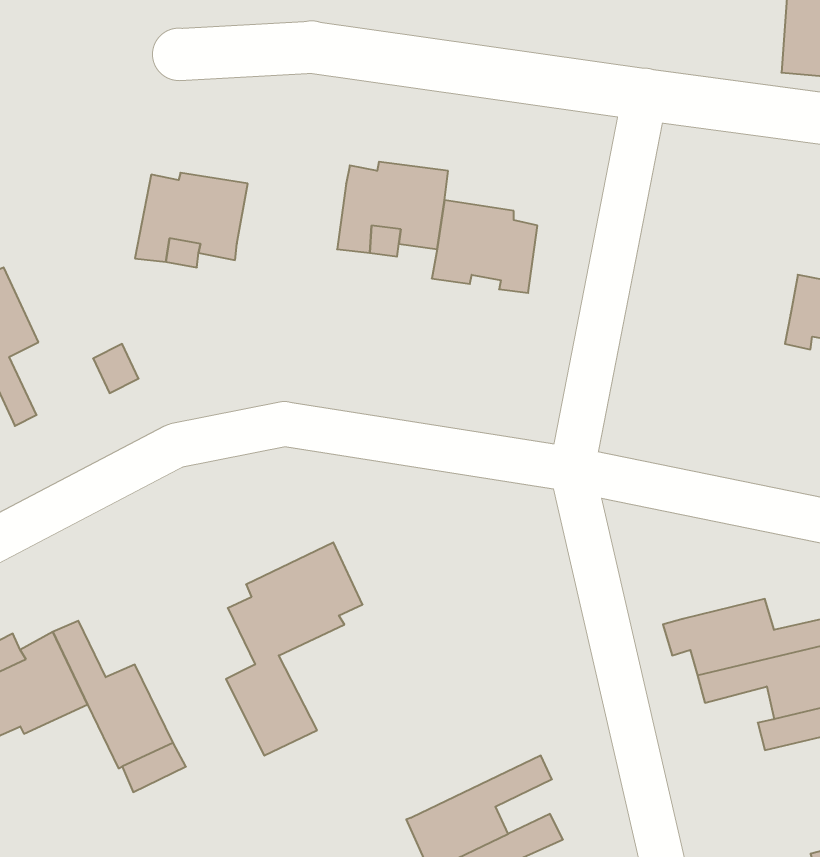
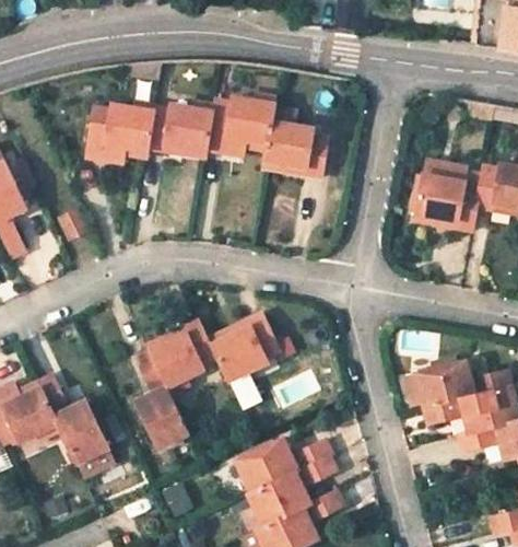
building: none -> [145,105,211,156]
building: none -> [412,174,478,230]
building: none -> [209,312,279,379]
building: none -> [235,438,331,492]

